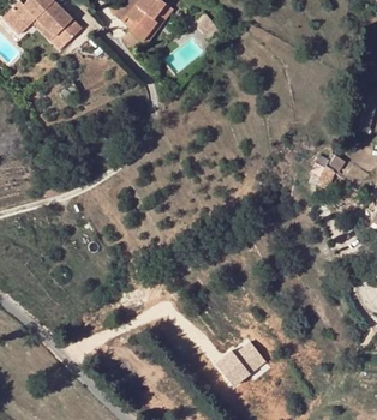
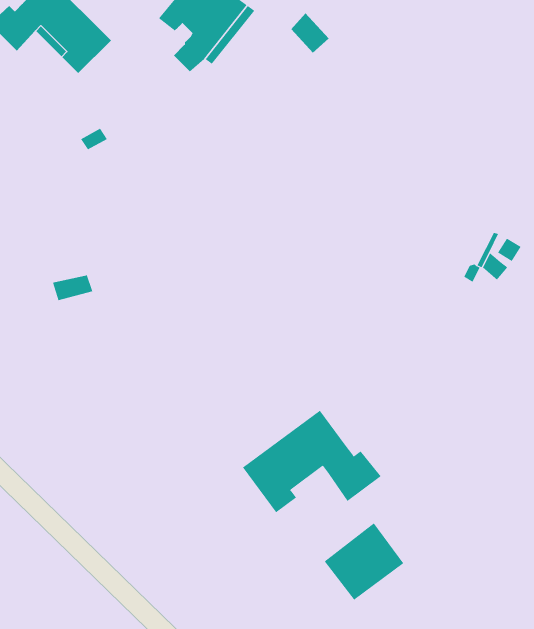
building: none -> [242,410,382,513]

